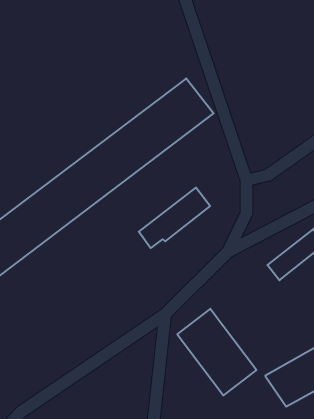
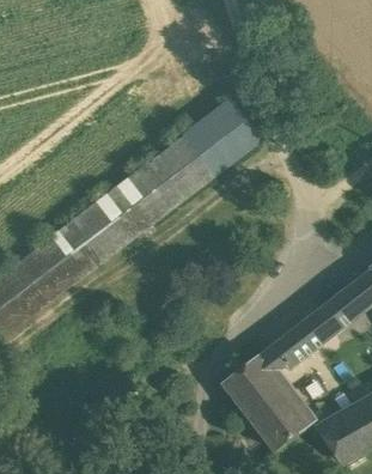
building: [139,188,210,248] -> [257,305,335,371]

